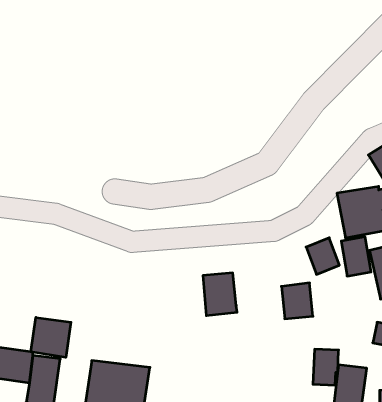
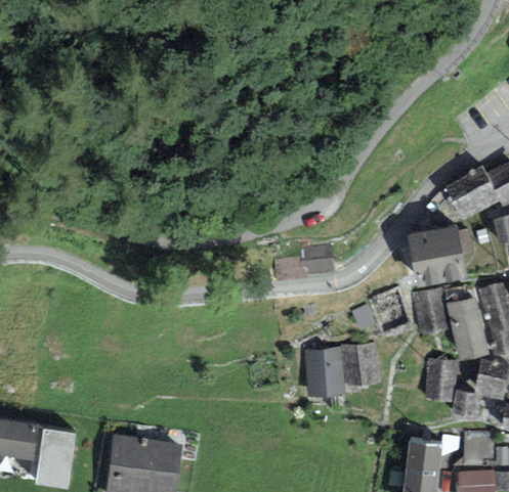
building: [203,273,237,316] -> [304,346,345,397]
building: [31,317,71,357] -> none
building: [313,349,339,385] -> [425,358,456,401]

